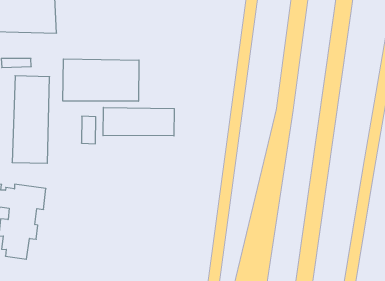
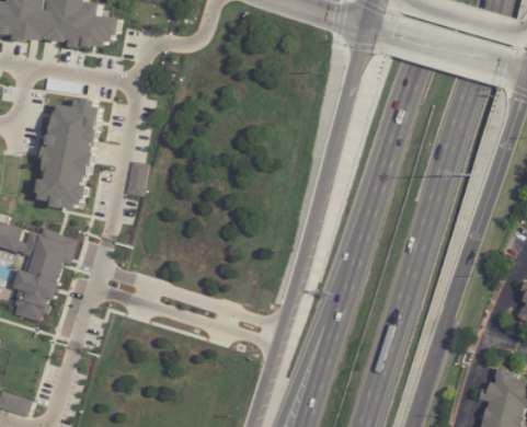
building: [63,59,139,101] -> none
building: [103,107,174,136] -> none

